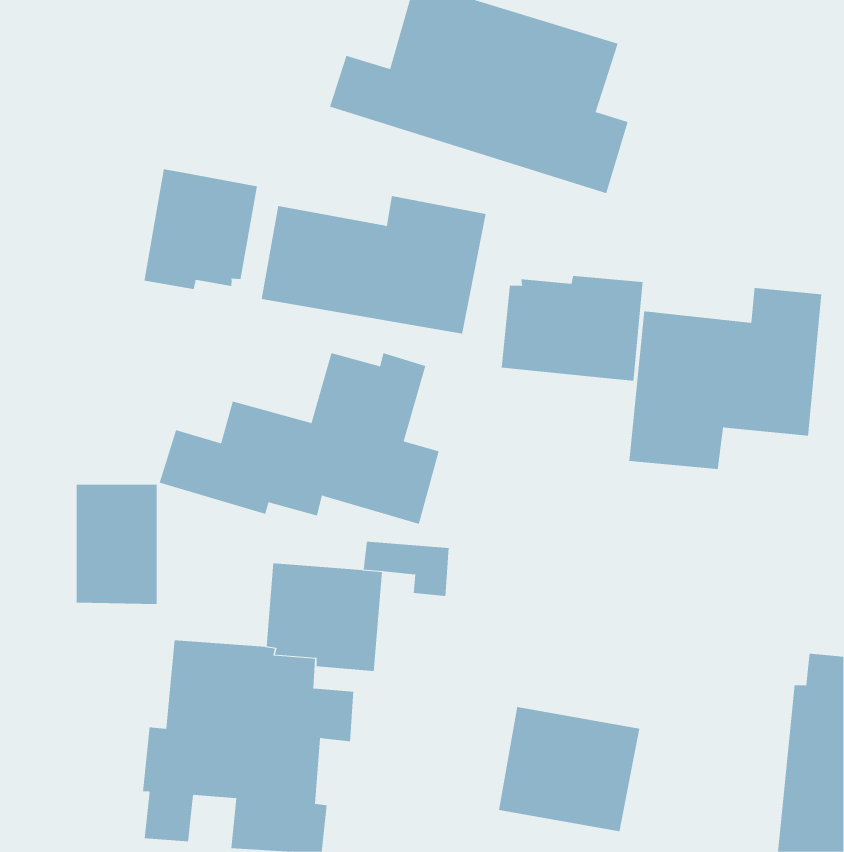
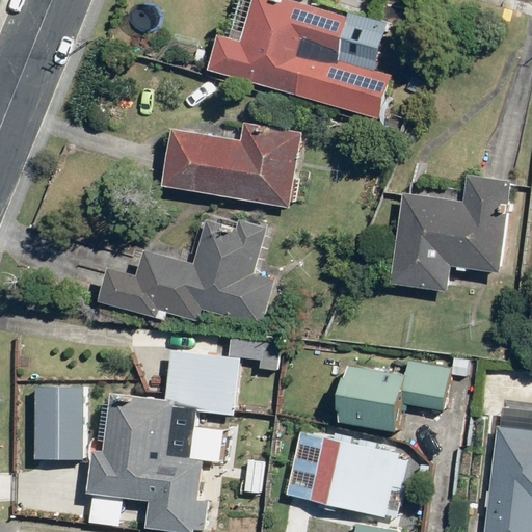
building: [144,169,257,290] -> none
building: [501,275,643,381] -> none
building: [76,484,158,605] -> [31,385,82,460]
building: none -> [335,362,447,429]

